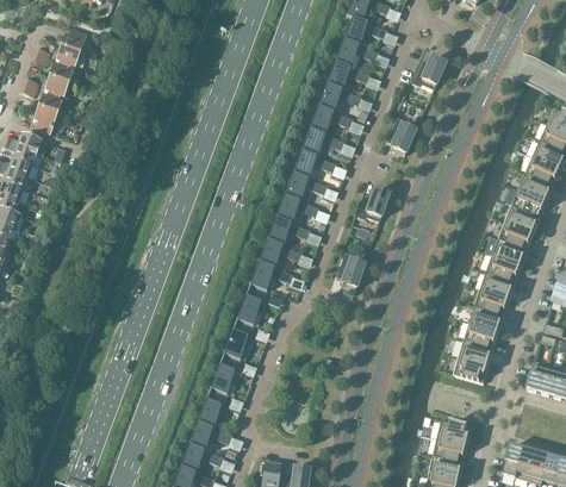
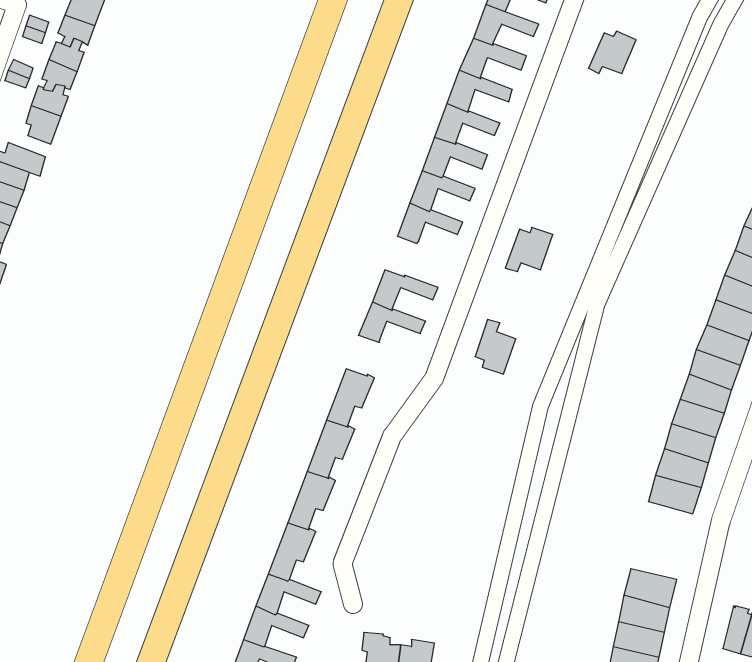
building: [387,115,416,152] -> none
building: [276,194,321,221] -> none
building: [250,261,294,288] -> none

